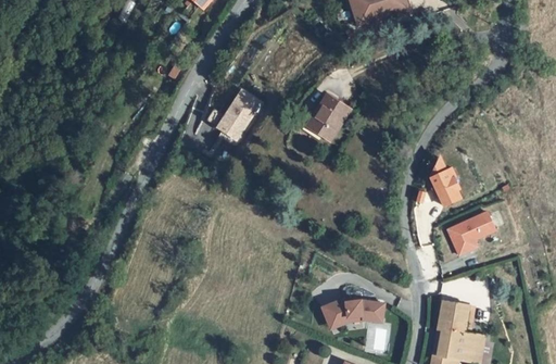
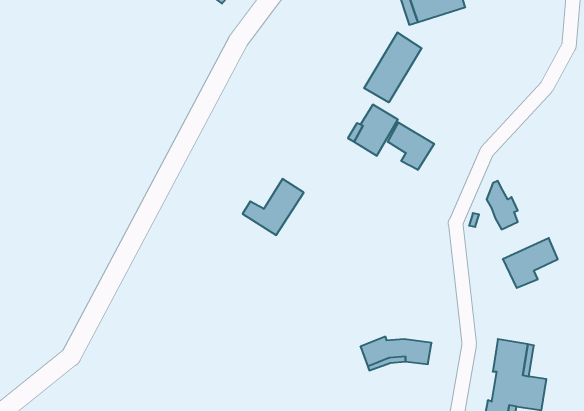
building: none -> [364,32,422,102]
building: [212,91,265,140] -> [243,179,304,235]
building: none -> [388,122,434,170]

